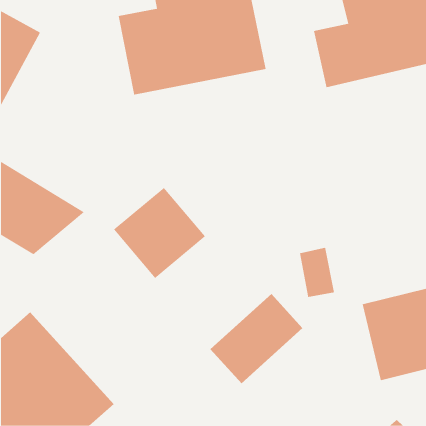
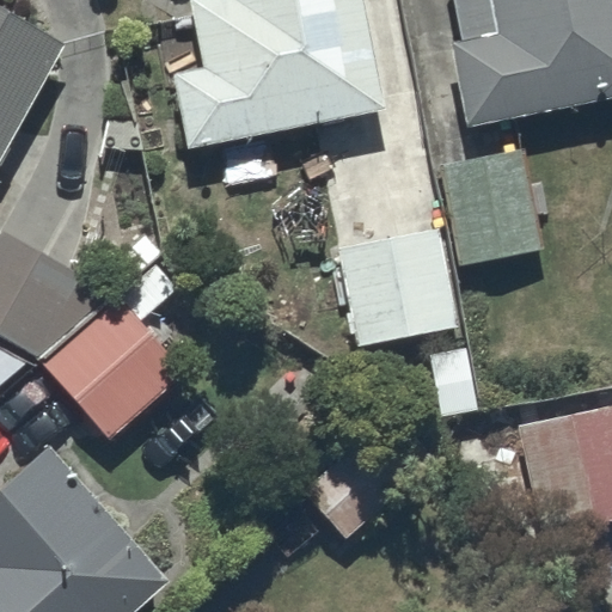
building: none -> [439,160,541,274]
building: none -> [337,239,460,356]
building: [113,187,206,279] -> [49,304,182,435]

